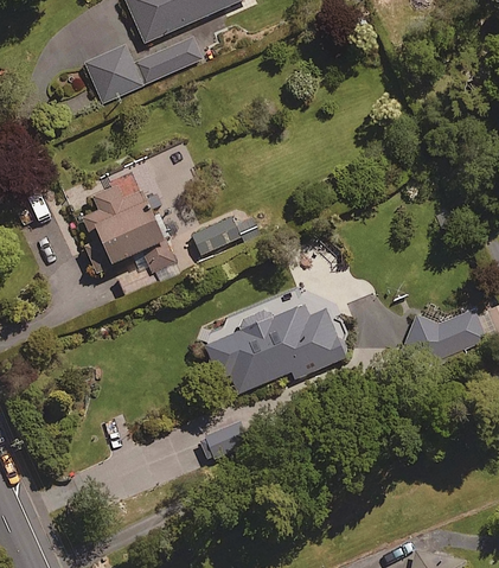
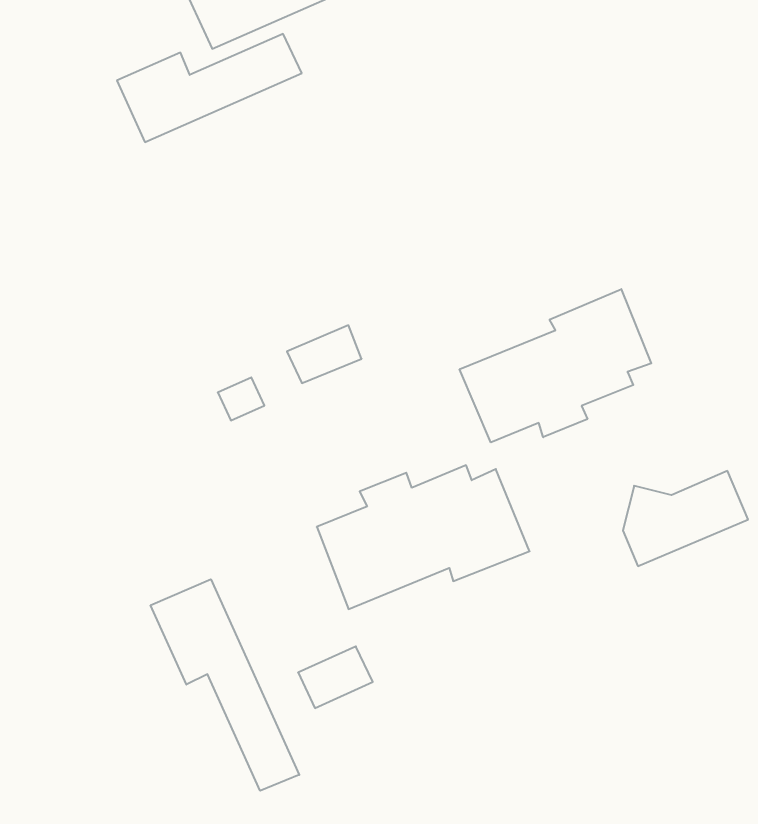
building: [82,162,172,275] -> none
building: none -> [460,289,651,442]
building: none -> [151,579,299,791]

